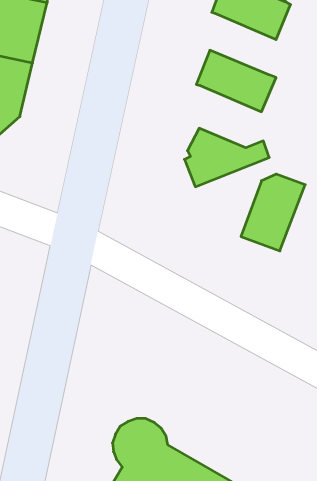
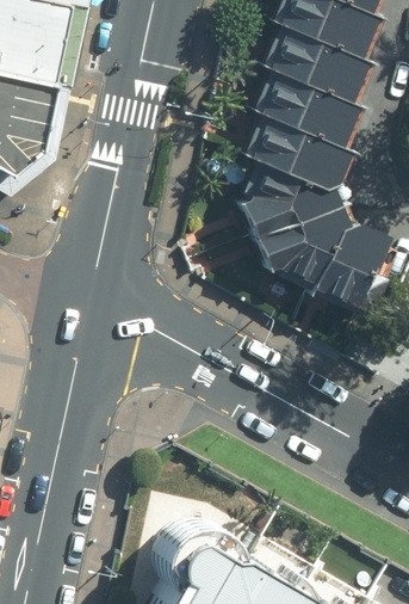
building: none -> [261,27,360,103]
building: none -> [241,116,349,192]
building: none -> [254,204,353,301]

